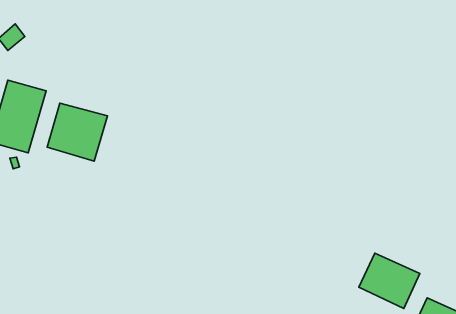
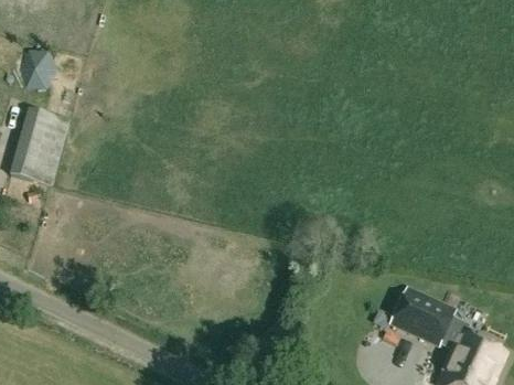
building: [47,103,107,161] -> none

